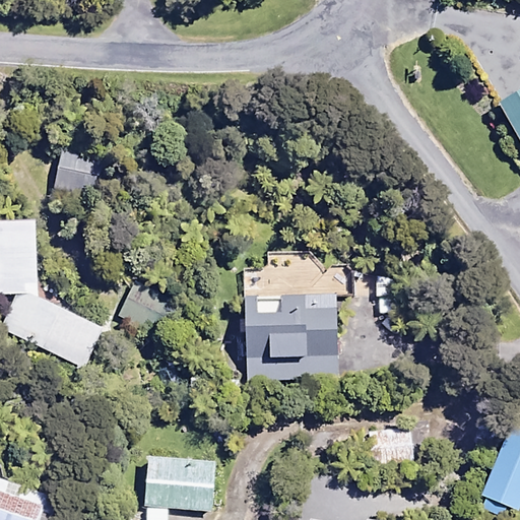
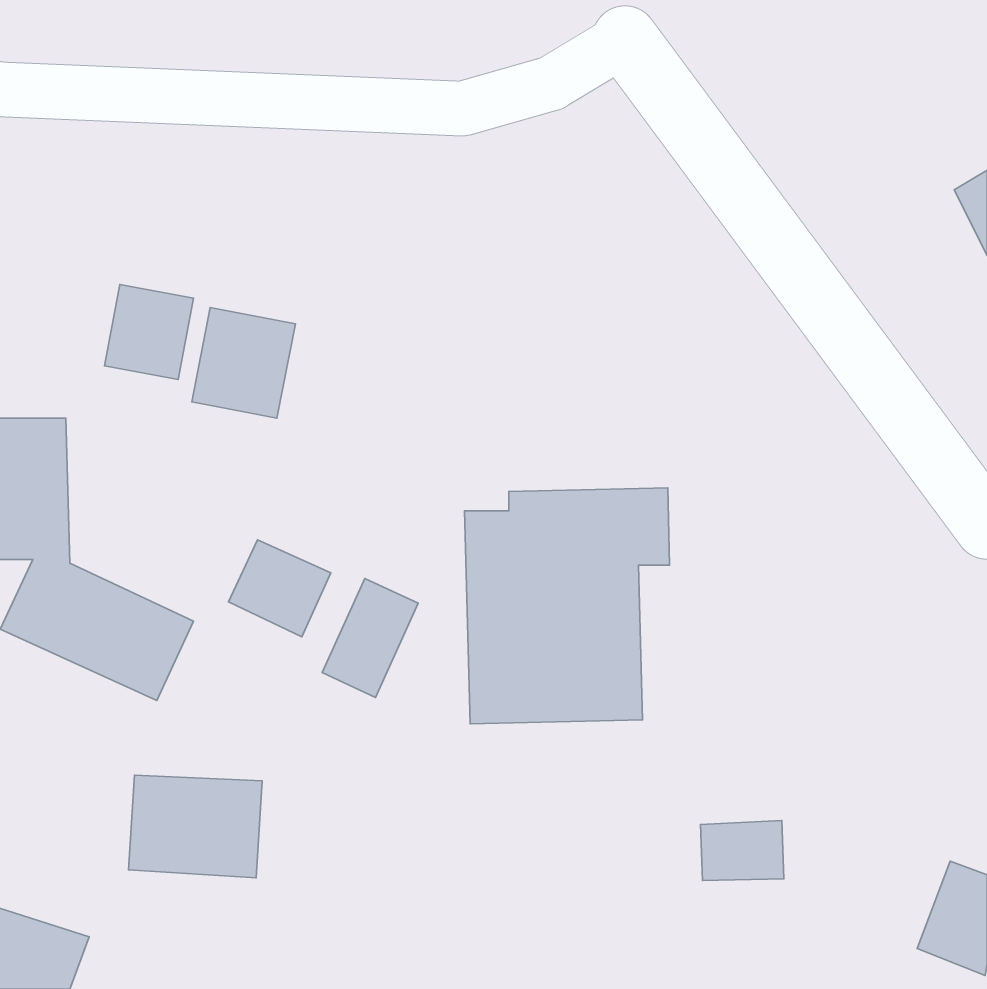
building: none -> [192,307,295,418]
building: none -> [322,578,418,697]
building: [144,456,214,510] -> [129,775,262,878]

